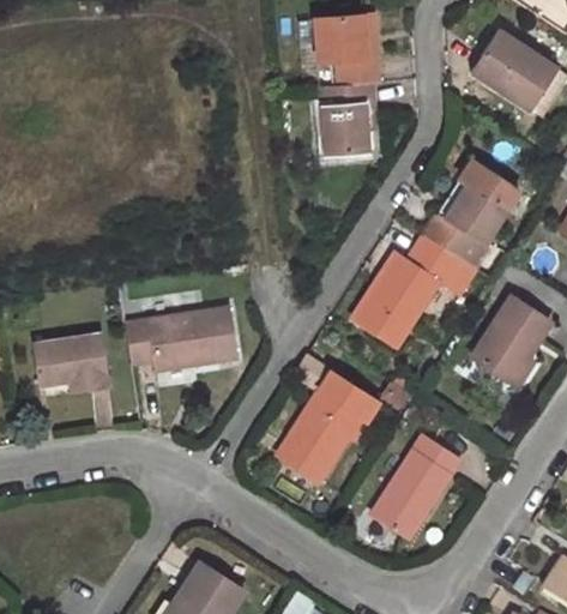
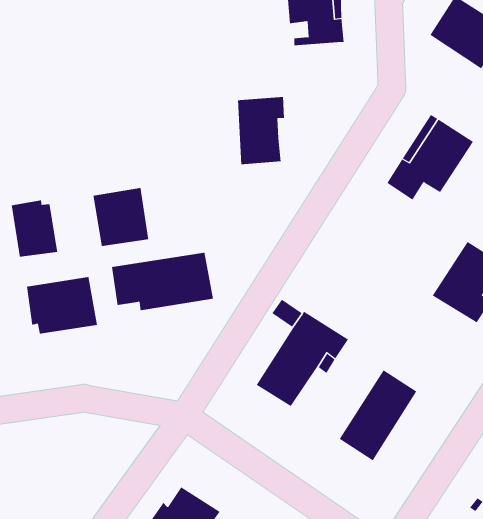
building: [321,82,373,156] -> [237,96,285,165]
building: [352,230,463,344] -> none
building: none -> [93,187,149,247]
building: none -> [11,200,58,257]

